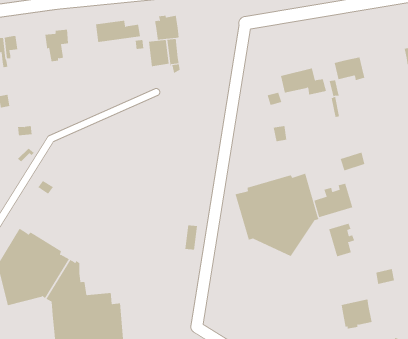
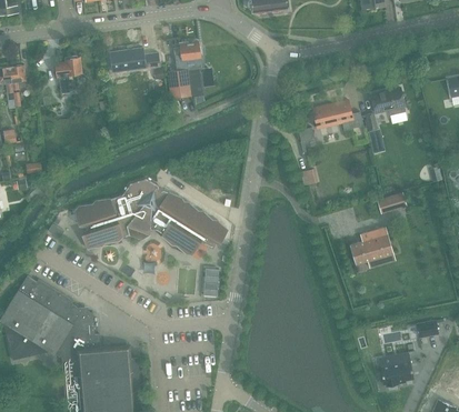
building: none -> [74,179,227,254]
building: [235,173,319,257] -> none
building: [329,223,355,257] -> none

